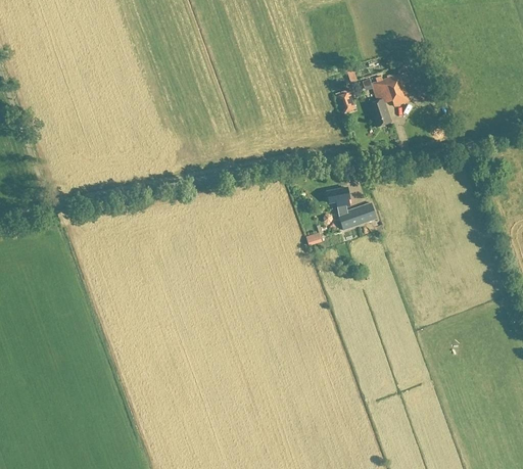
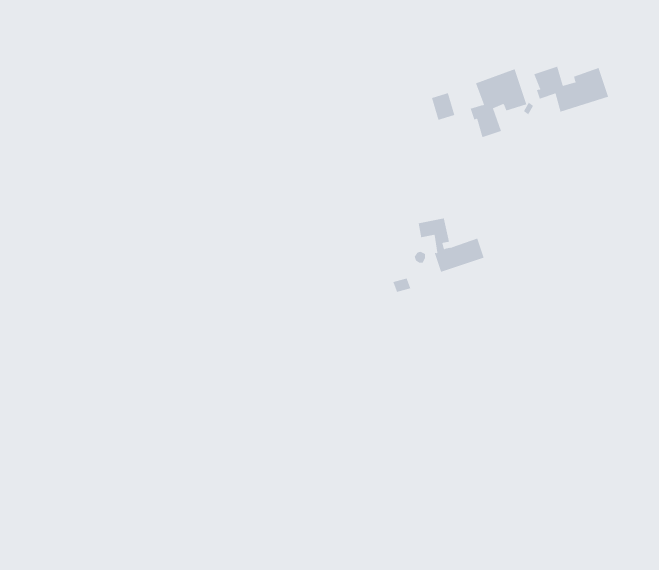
building: none -> [533,66,609,112]

